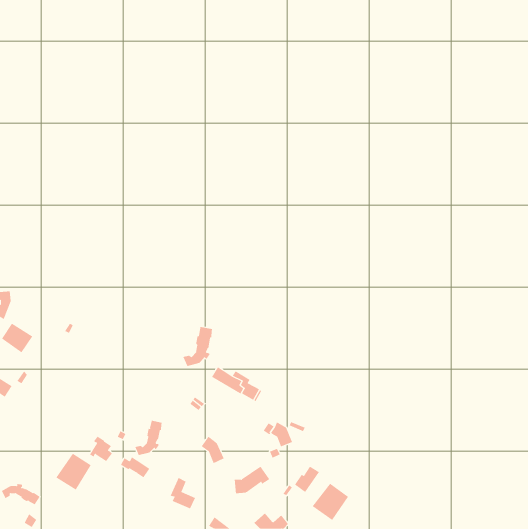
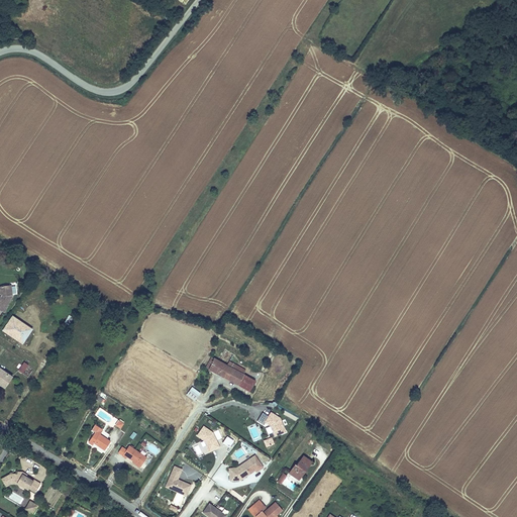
building: [182,326,212,367] -> none
building: [135,420,162,456] -> none
building: [55,453,92,491] -> none
building: [312,483,349,521] -> none

